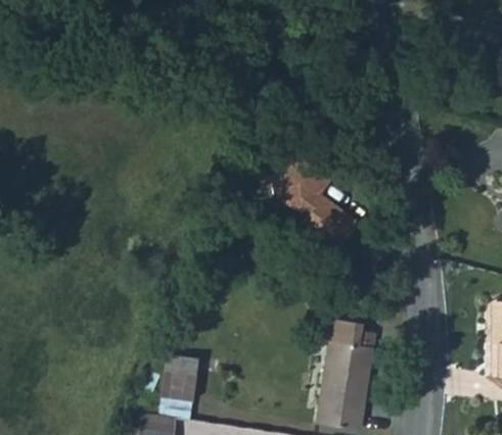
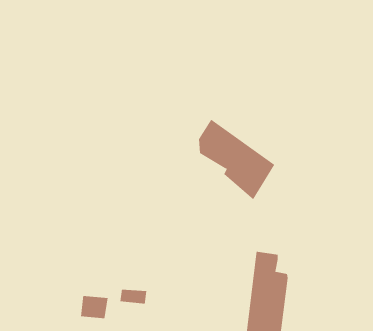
building: [164,377,198,405] -> [80,295,108,319]

